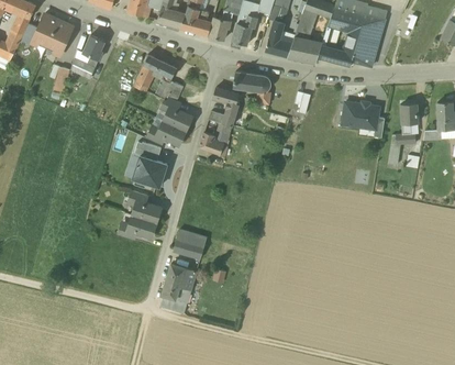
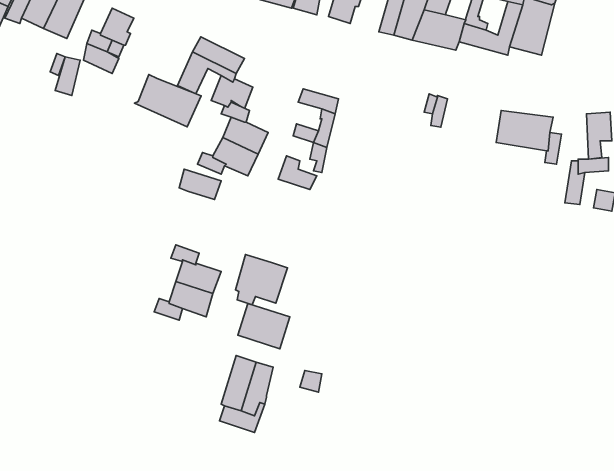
building: [233,70,270,103] -> none
building: none -> [135,74,201,127]
building: [133,154,167,187] -> [235,254,287,305]

